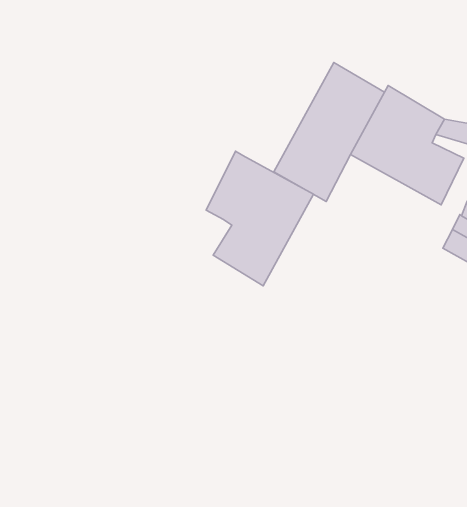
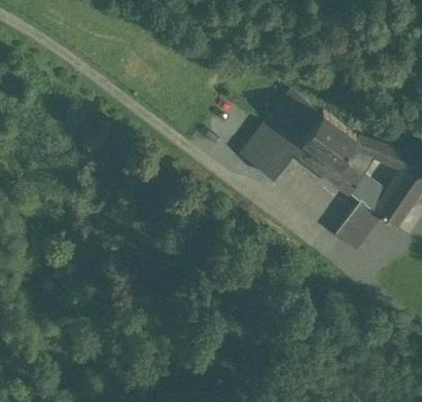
building: [206,151,313,286] -> none

